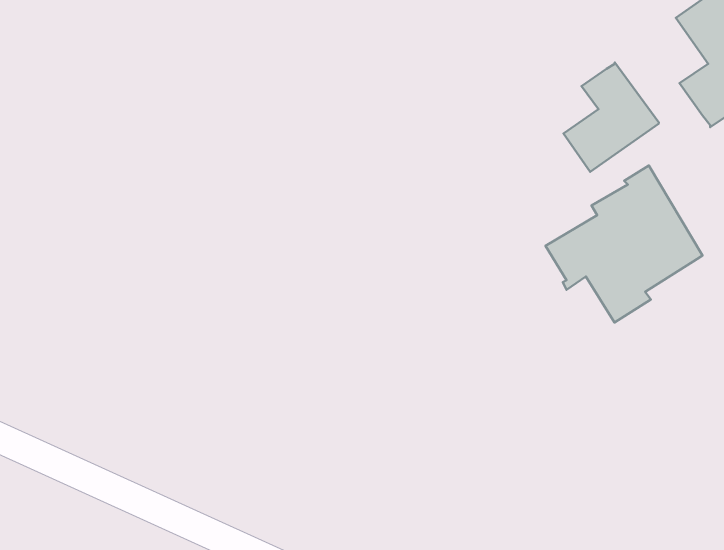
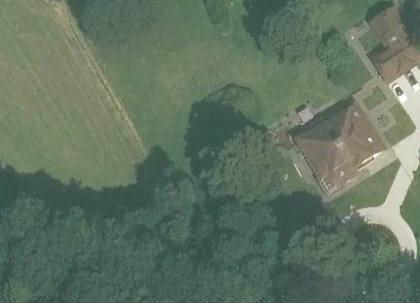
building: [563,63,659,172] -> none

